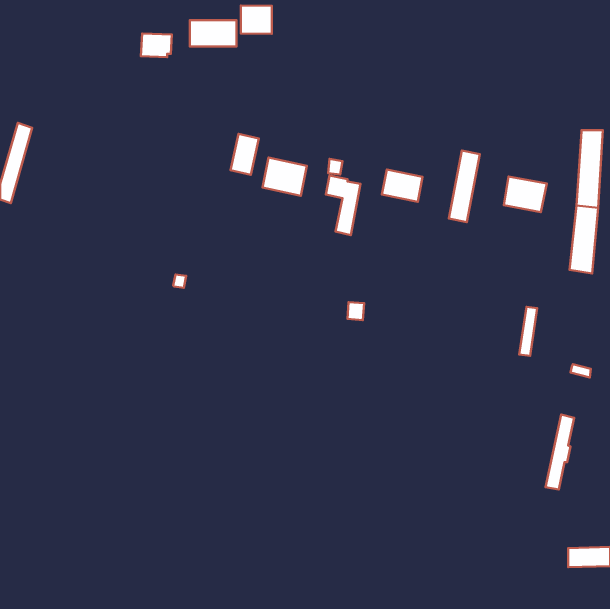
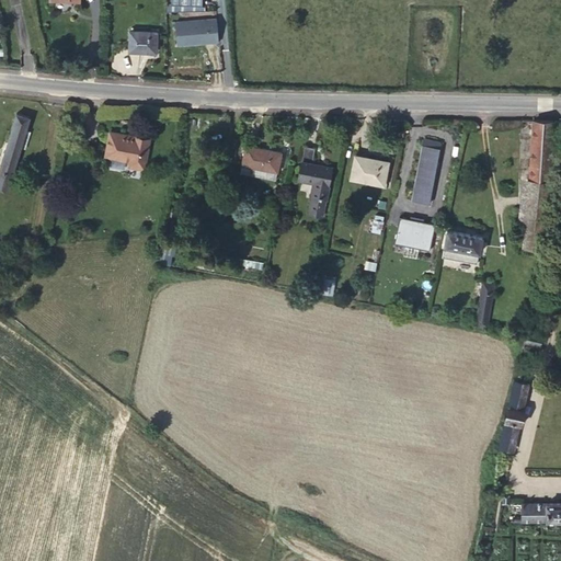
building: [241,6,272,34] -> none
building: [230,134,259,175] -> none
building: none -> [106,133,150,170]
building: [504,176,547,212] -> [443,231,482,264]
building: none -> [396,216,435,250]

